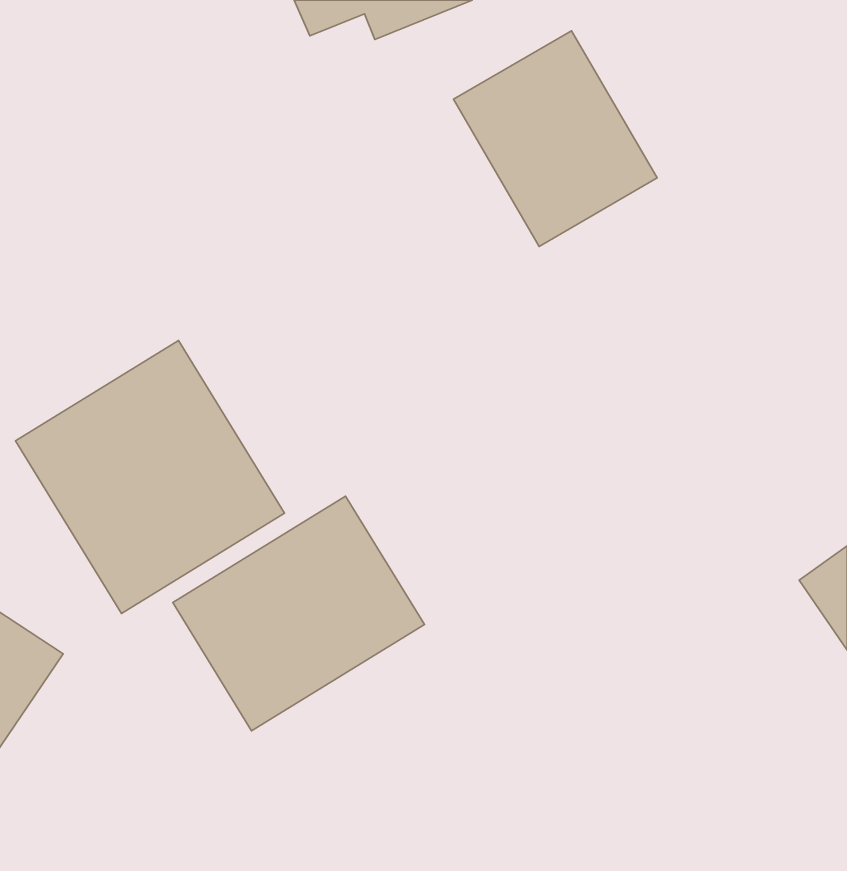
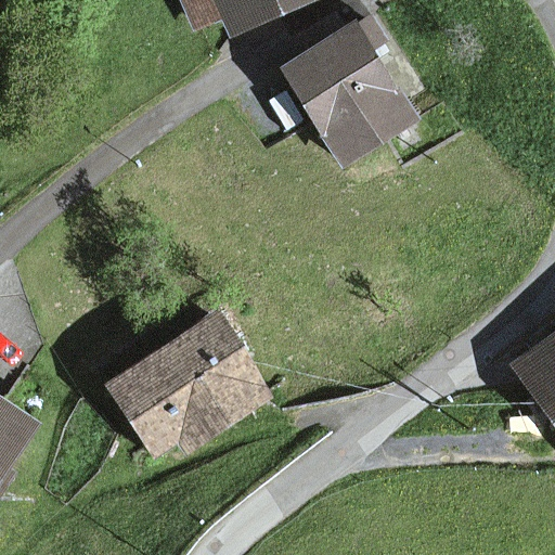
building: [15,341,284,613] -> none

